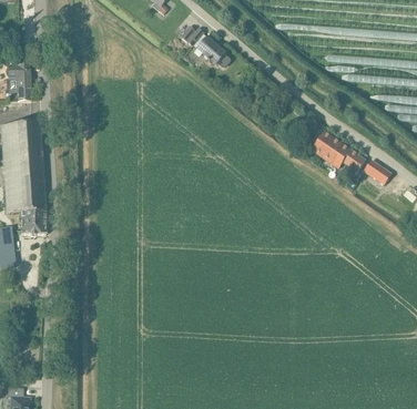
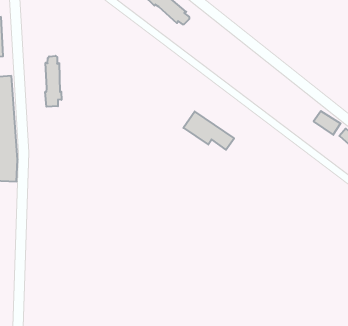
building: none -> [45,56,61,107]
building: [313,131,367,172] -> [183,111,234,150]

